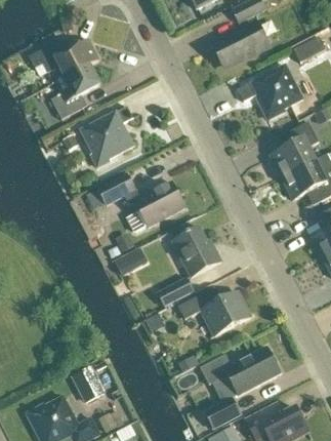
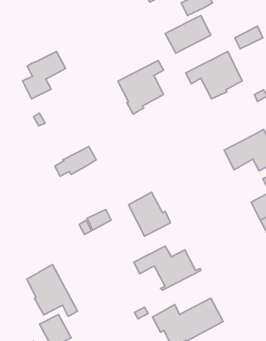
building: [30,39,99,77] -> none
building: [81,106,133,167] -> [118,60,164,114]
building: [271,121,319,177] -> none
building: [125,182,185,227] -> none
building: [158,277,196,308] -> none
building: none -> [27,264,78,316]

